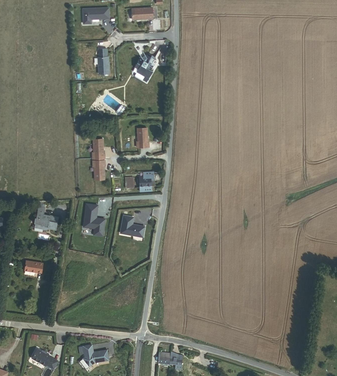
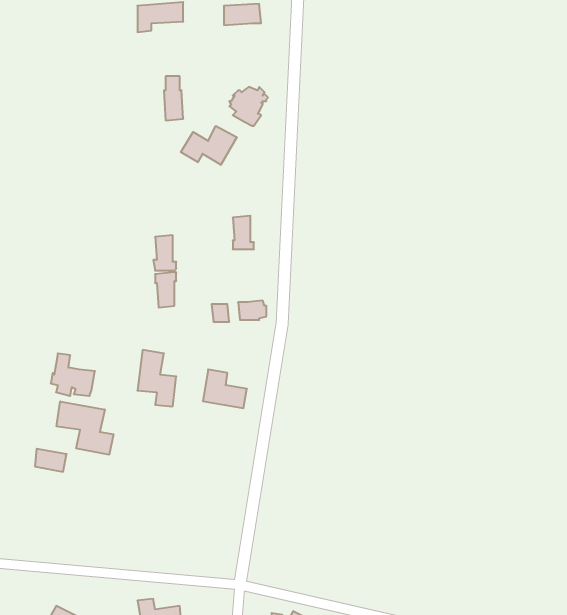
building: none -> [181,126,237,165]
building: none -> [57,401,113,455]

